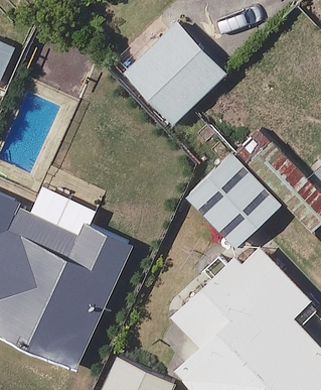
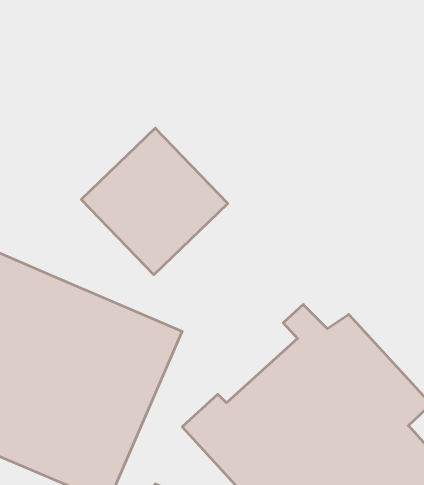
building: [123,20,226,124] -> [81,128,228,275]
building: [186,151,286,248] -> none

